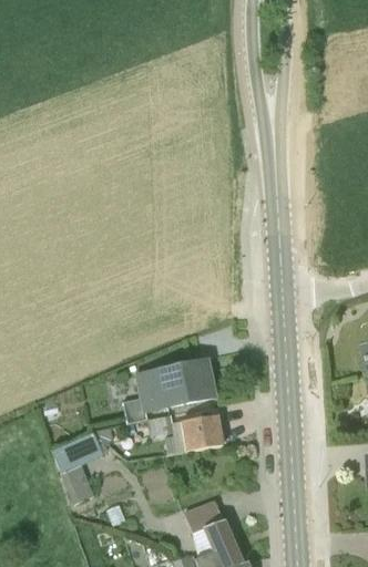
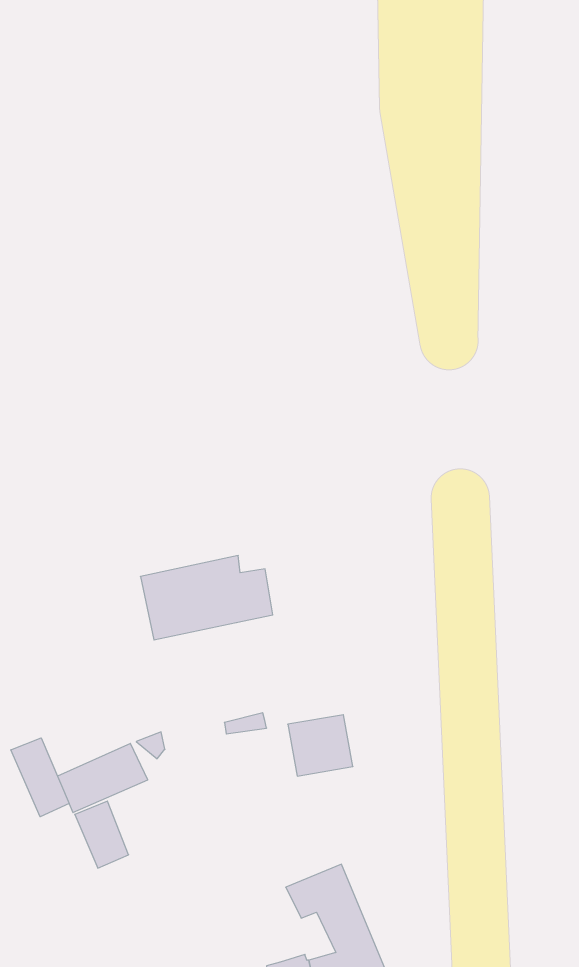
building: [136,362,213,411] -> [140,556,273,640]
building: none -> [11,738,69,817]

